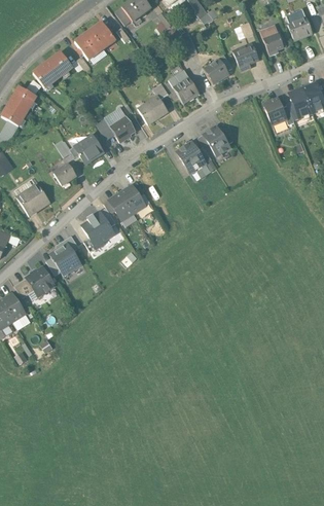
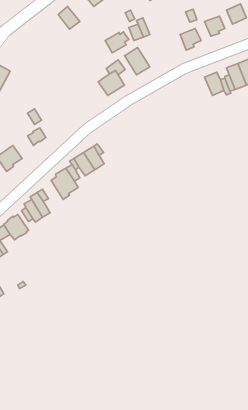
building: [75,29,104,58] -> none
building: [32,51,70,87] -> none
building: [205,57,232,81] -> [105,32,129,53]
building: [106,108,138,142] -> none
building: [204,124,230,154] -> none
building: [74,134,104,162] -> none
building: [177,141,206,172] -> none

